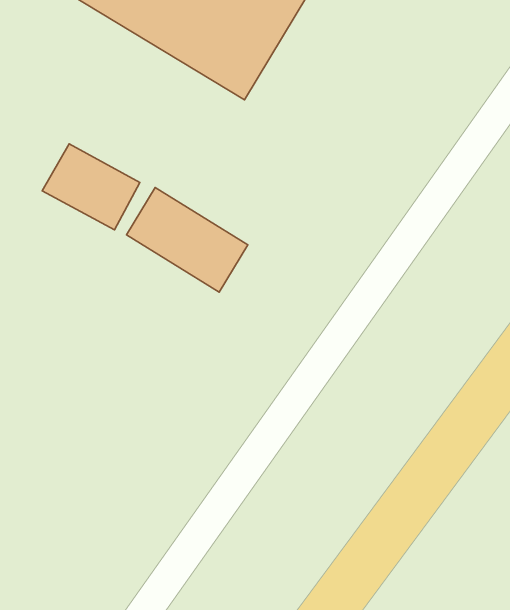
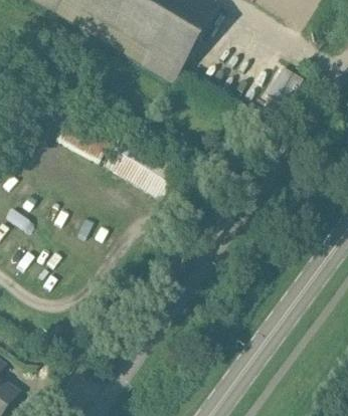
building: none -> [265,67,303,109]

